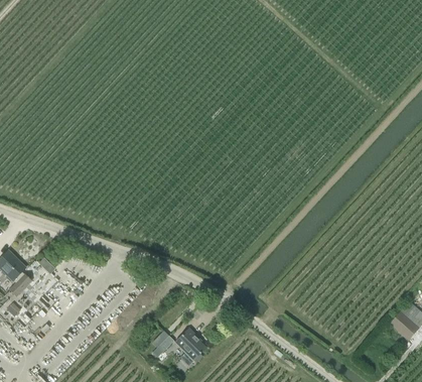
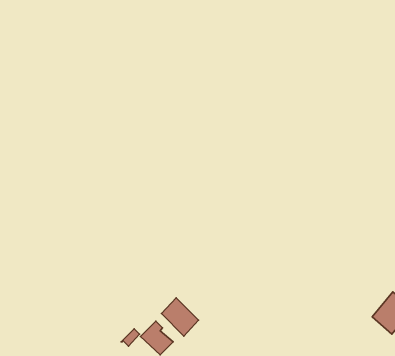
building: none -> [162,298,198,336]

